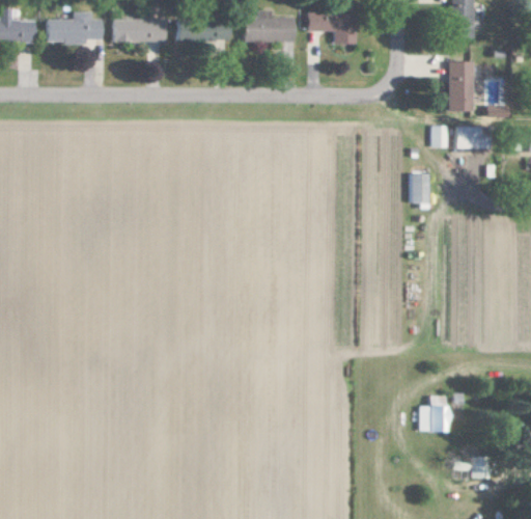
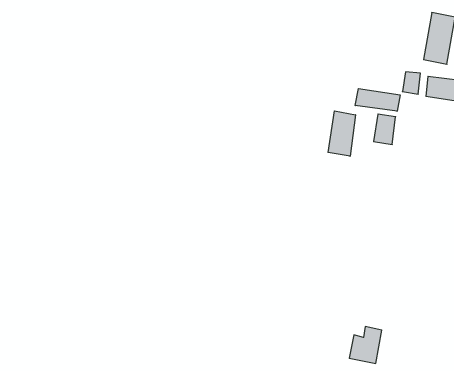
building: none -> [355,89,400,111]
building: none -> [328,111,355,156]

